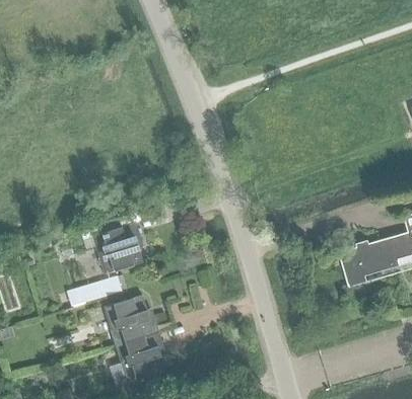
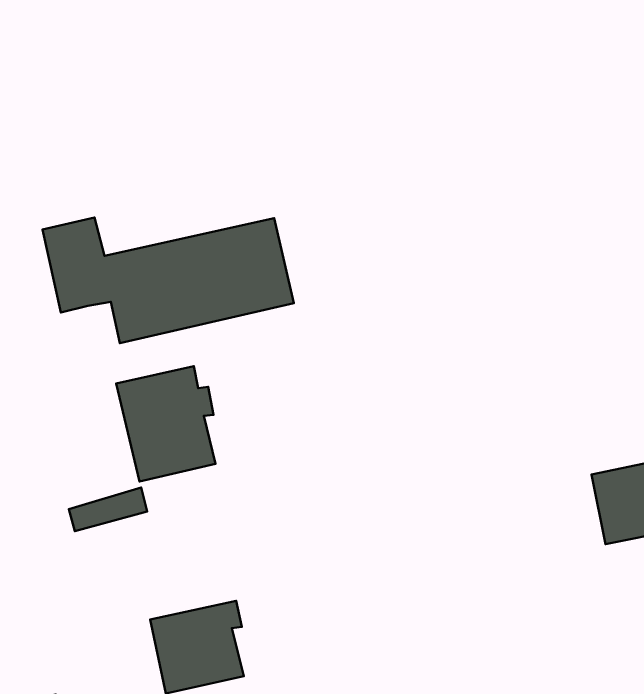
building: none -> [42,218,294,343]
building: [105,297,160,346] -> none

